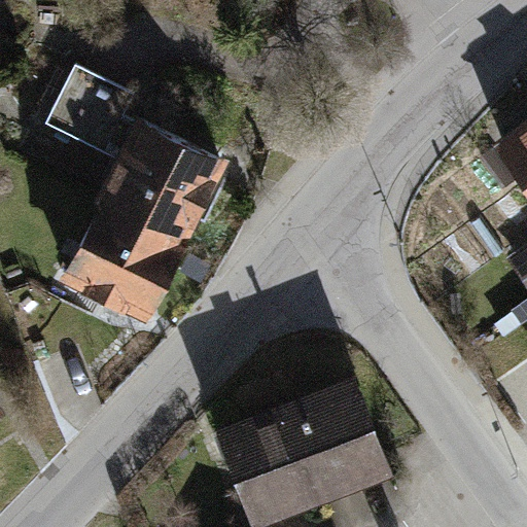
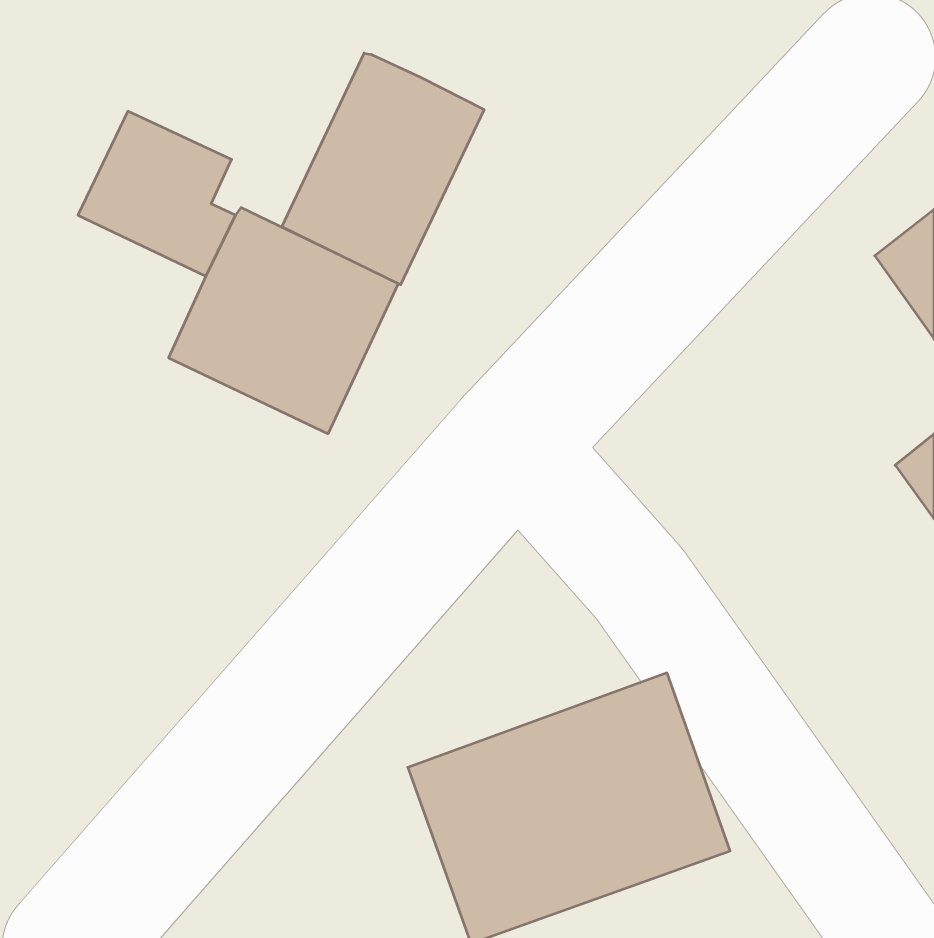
building: none -> [282,53,484,285]
building: [59,204,182,324] -> none

